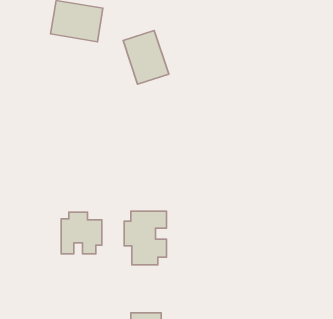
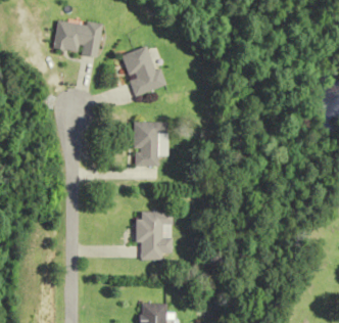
building: none -> [138,122,171,167]
building: [61,212,102,254] -> none

